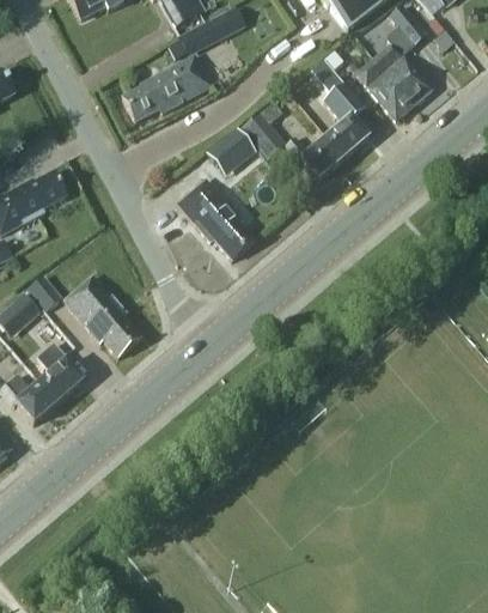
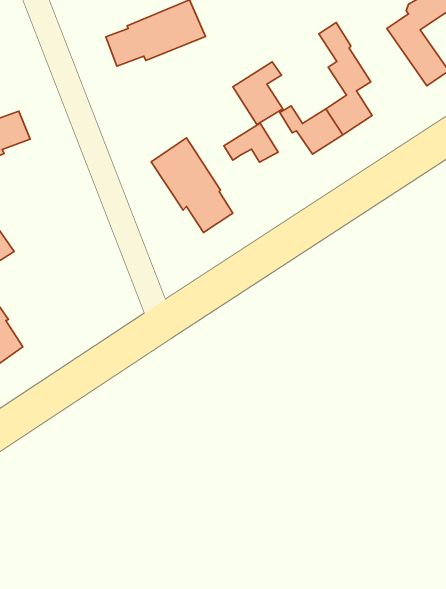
building: [354,59,413,120] -> none
building: [207,127,256,163] -> [224,123,278,162]
building: [62,275,140,357] -> none

